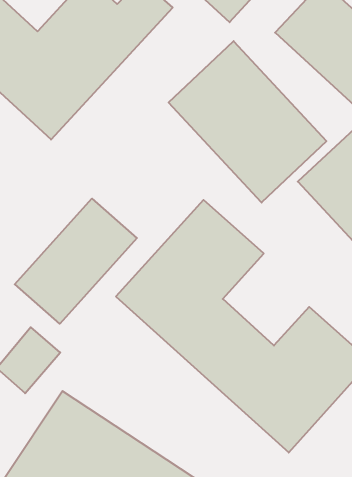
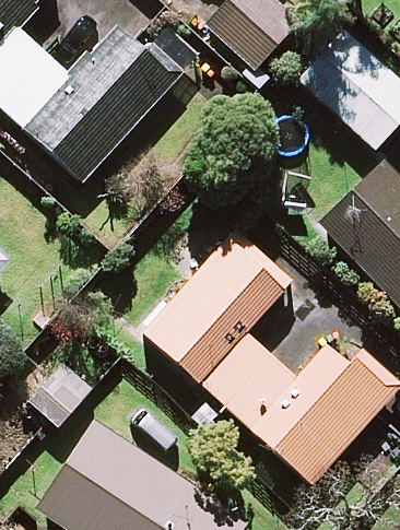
building: [169,41,326,203] -> none
building: [15,199,137,324] -> none

